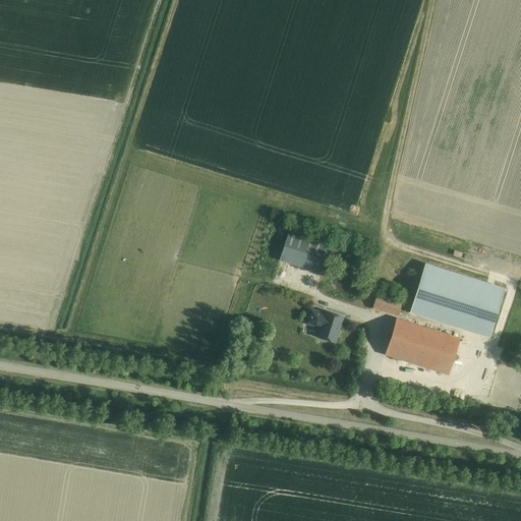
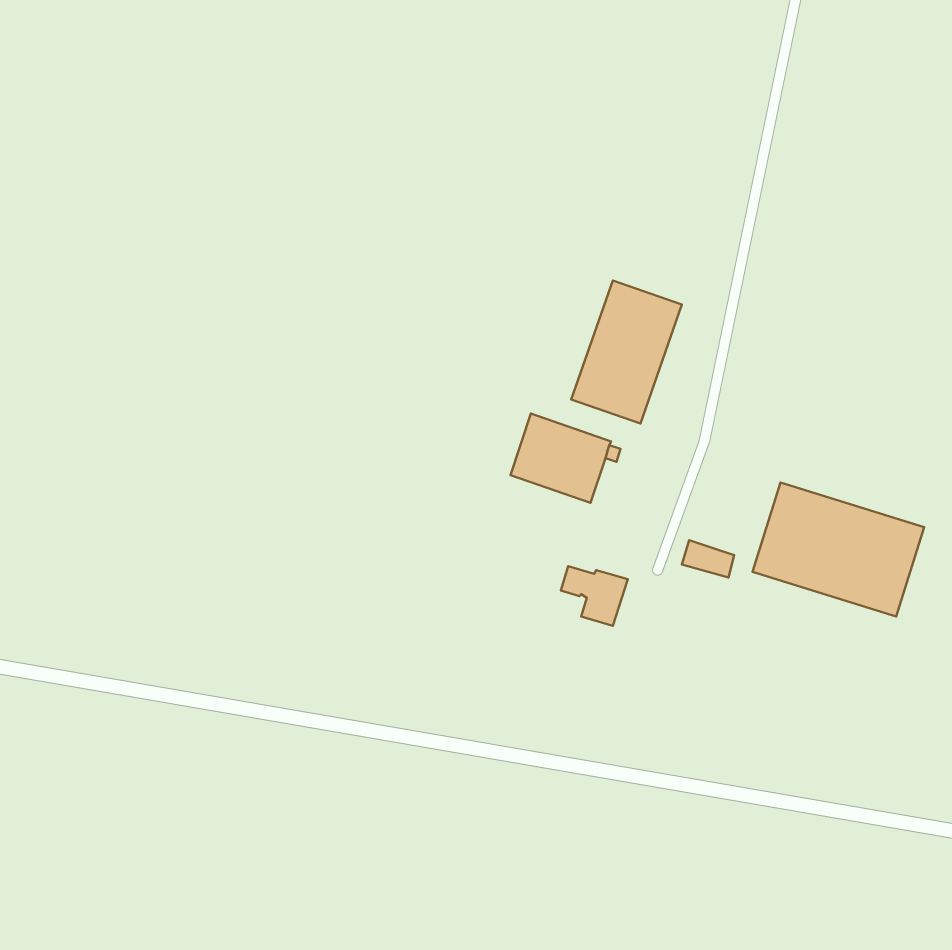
building: none -> [571,281,682,424]
building: [386,319,459,373] -> none

